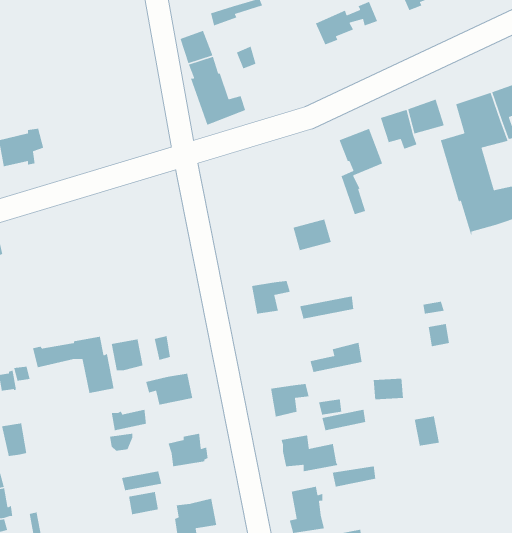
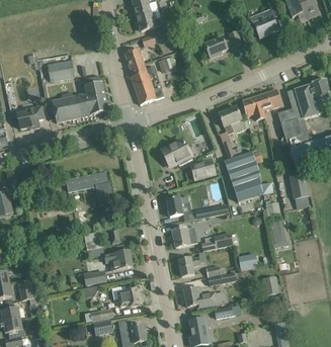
building: none -> [47,60,74,80]
building: none -> [52,75,108,121]
building: none -> [162,140,191,165]
building: none -> [224,151,261,201]
building: none -> [288,172,309,198]
building: none -> [172,226,196,247]
building: [32,336,114,394] -> [65,171,113,205]

